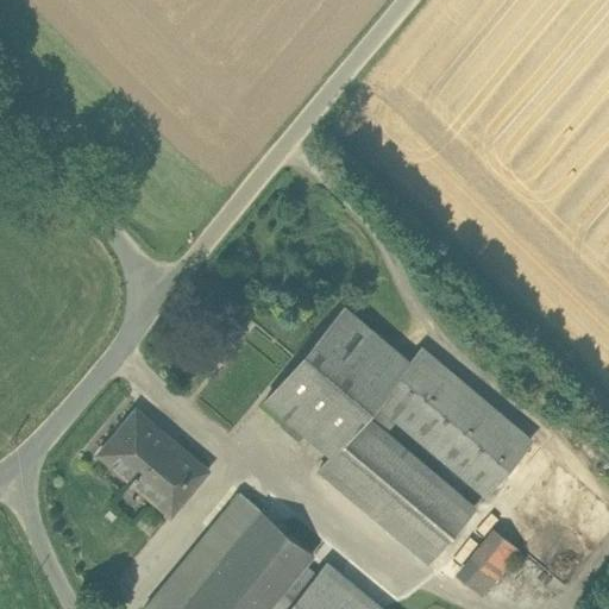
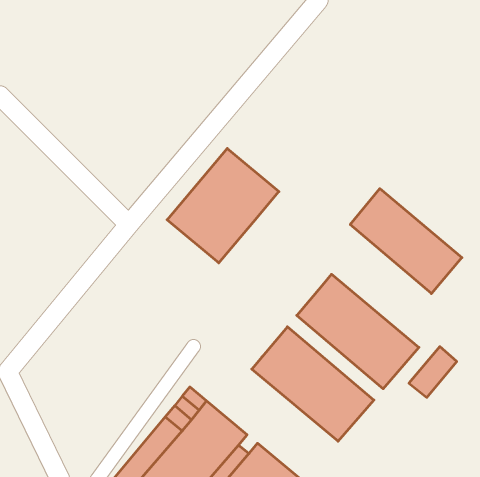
building: none -> [350,189,462,294]
building: [266,310,408,456] -> [167,148,279,263]
building: [99,412,206,515] -> none
building: [458,533,519,597] -> [409,347,457,397]

